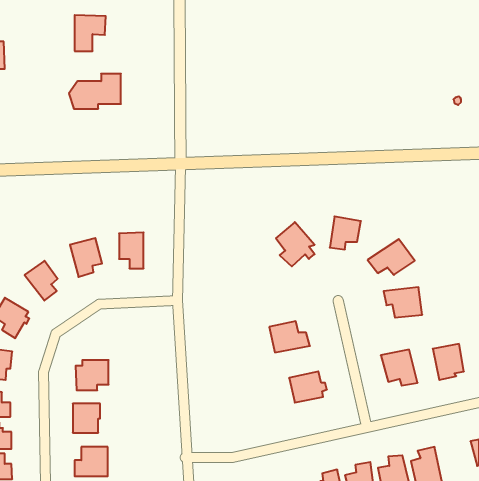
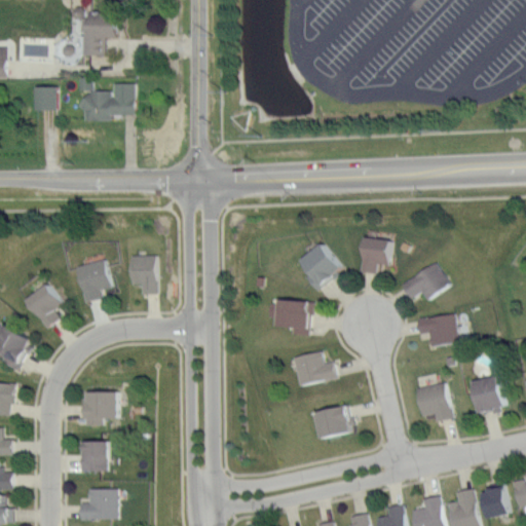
building: none -> [35,87,57,111]
building: none -> [276,300,313,335]
building: none -> [481,482,511,520]

